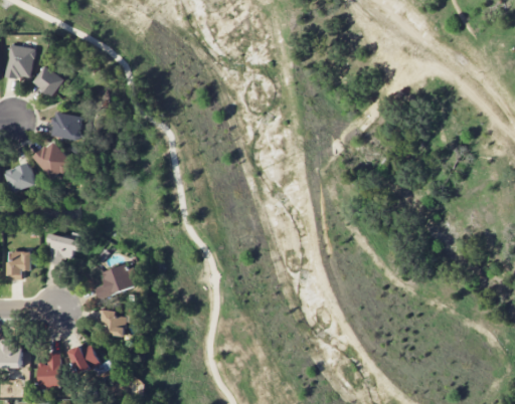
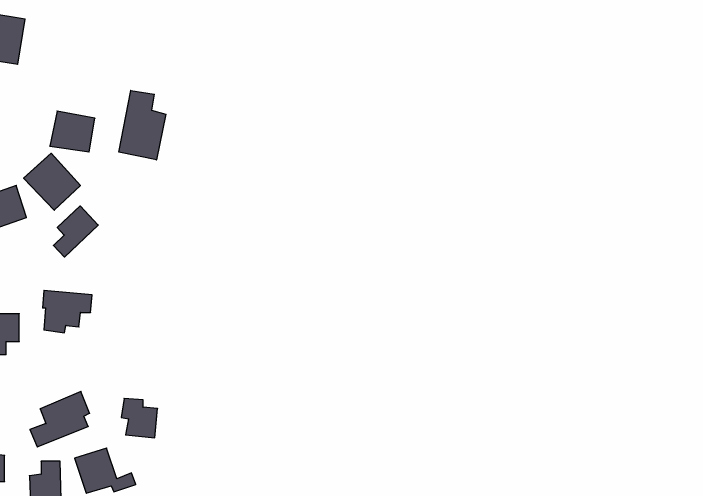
building: [34,65,65,96] -> none
building: none -> [119,90,166,160]
building: none -> [53,206,98,257]
building: [94,261,135,299] -> [30,391,90,447]

